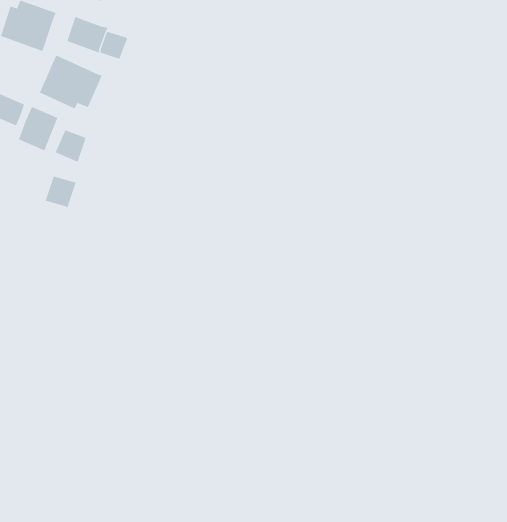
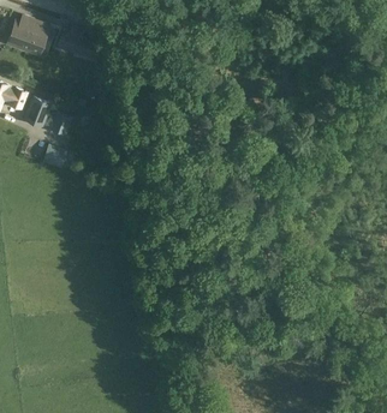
building: [39,55,102,109] -> none

